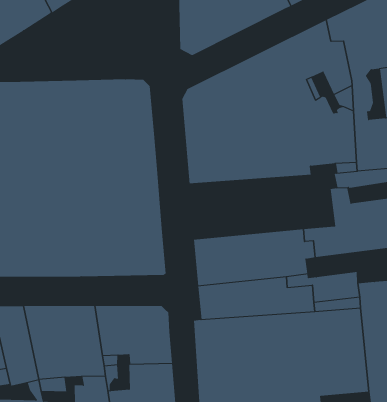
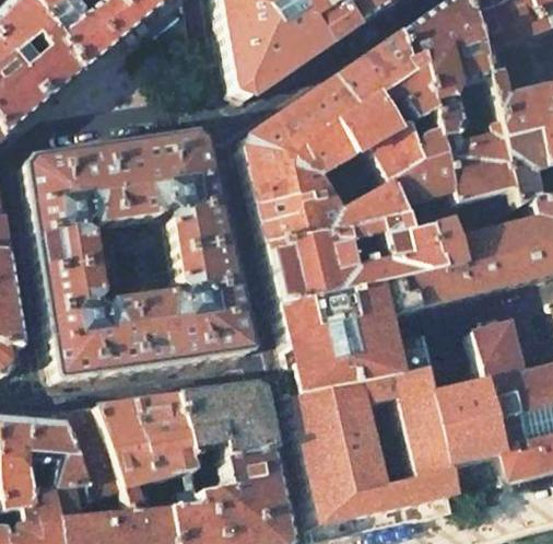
building: none -> [267,209,438,303]

